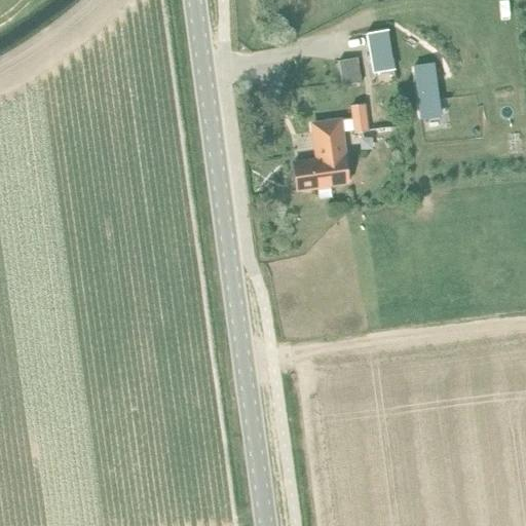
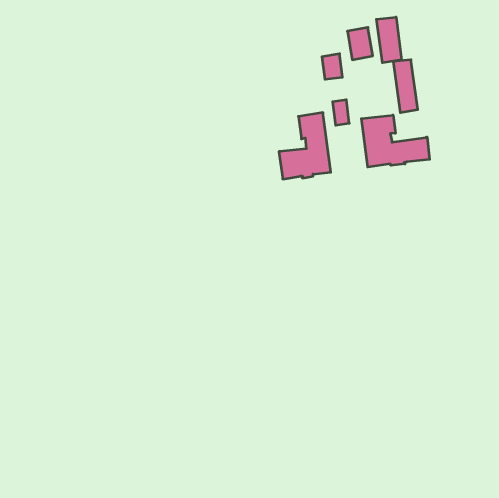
building: none -> [376,17,402,63]
building: none -> [361,115,430,167]

